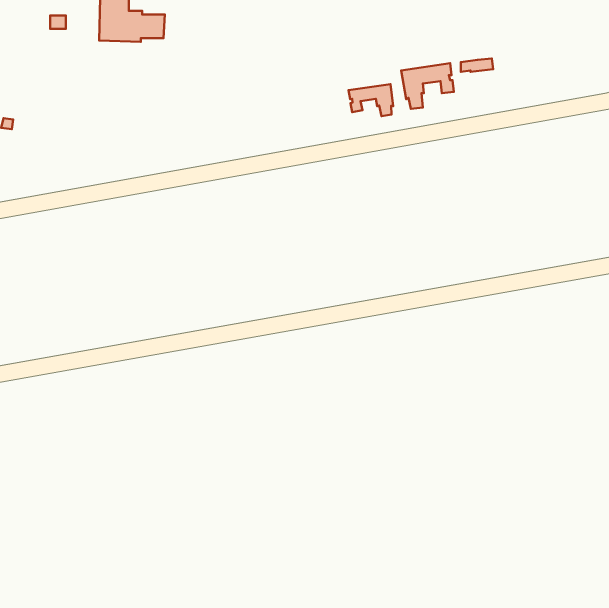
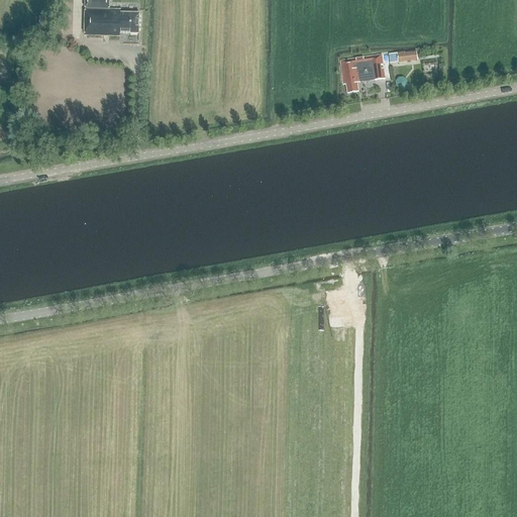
building: [348,84,393,116] -> none

